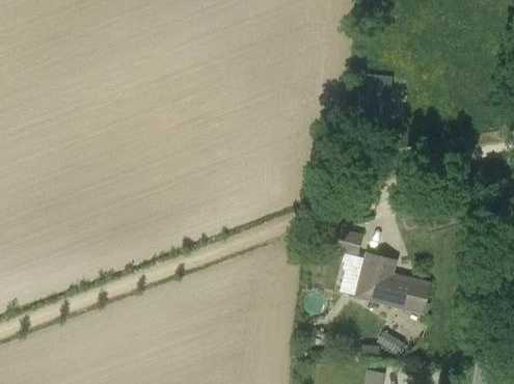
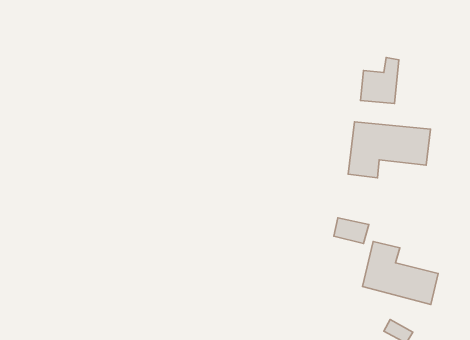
building: none -> [348,122,430,178]

